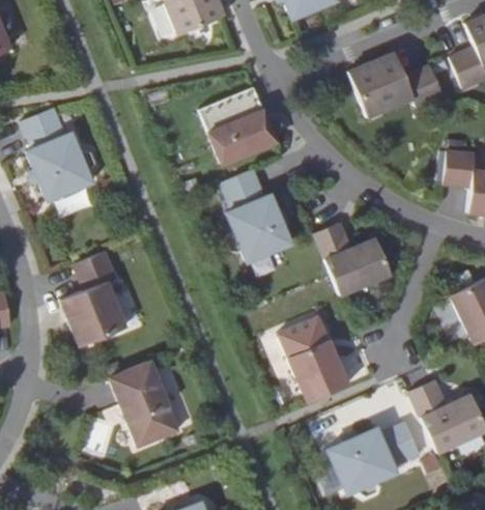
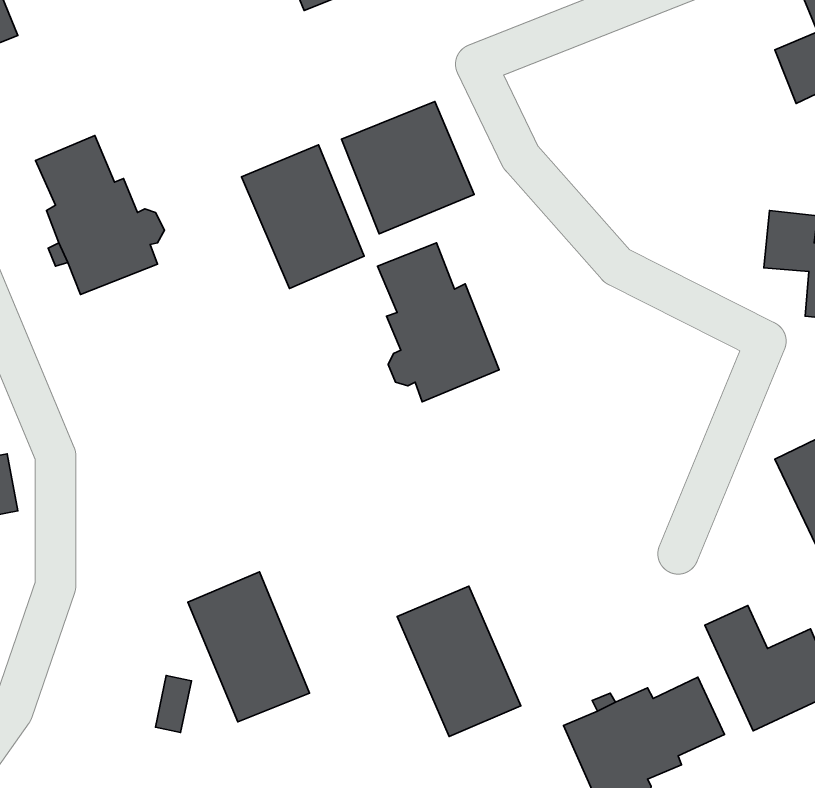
building: [347,53,443,118] -> none
building: none -> [242,145,364,289]
building: [314,223,390,295] -> none
building: [61,252,126,347] -> none
building: [277,316,348,403] -> [397,586,521,736]

